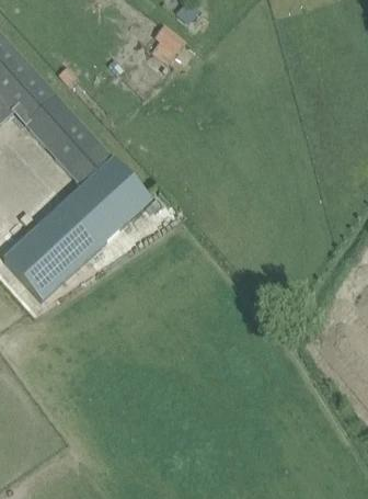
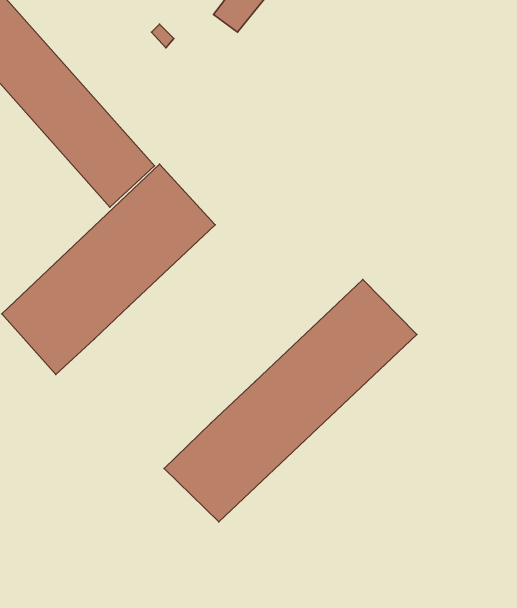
building: none -> [164,279,417,522]

